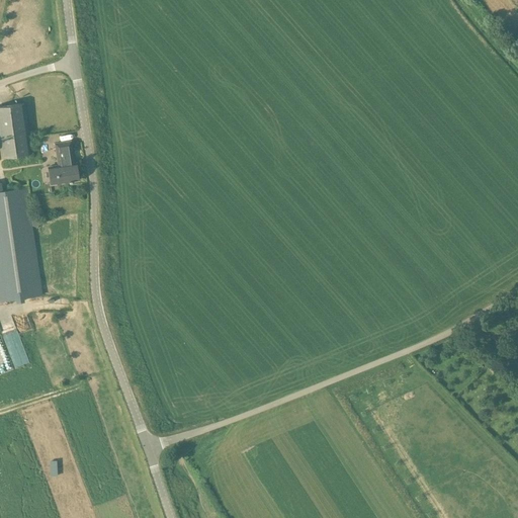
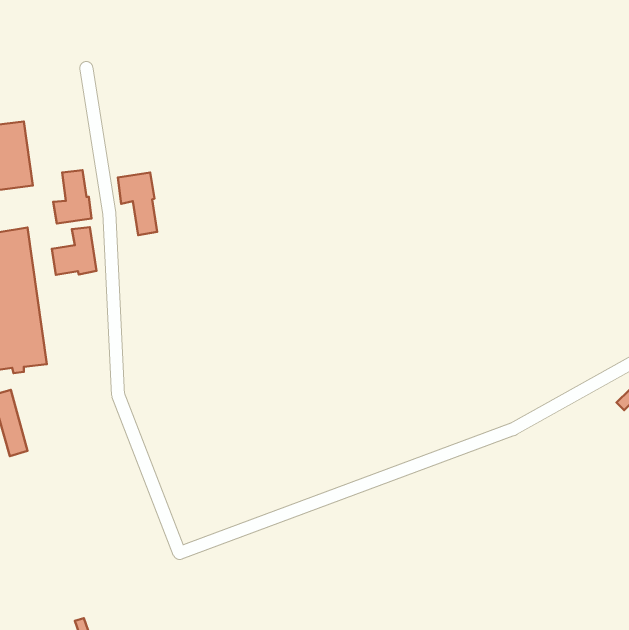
building: none -> [118,173,157,235]
building: none -> [52,227,96,275]

